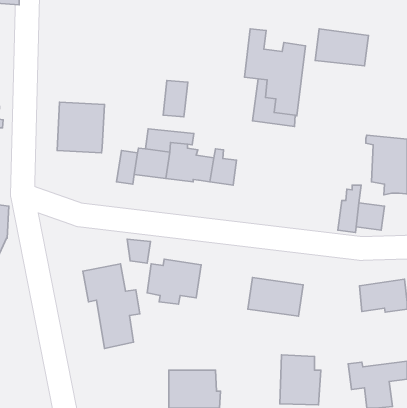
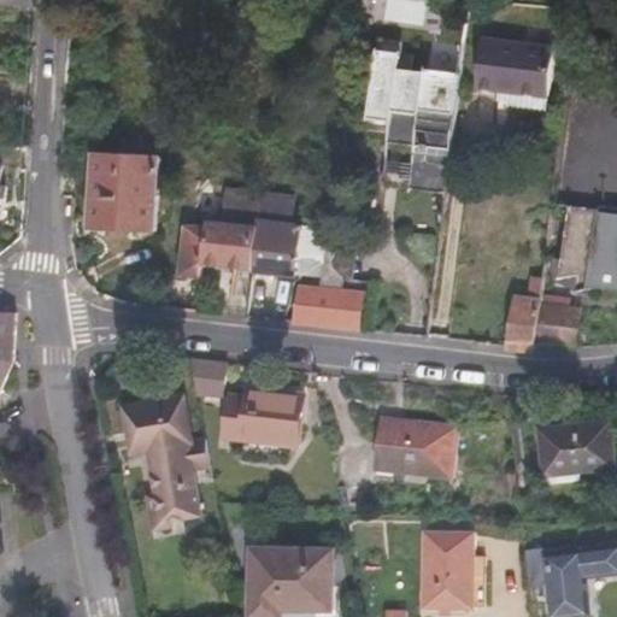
building: [163,80,188,117] -> none
building: none -> [292,283,359,328]

